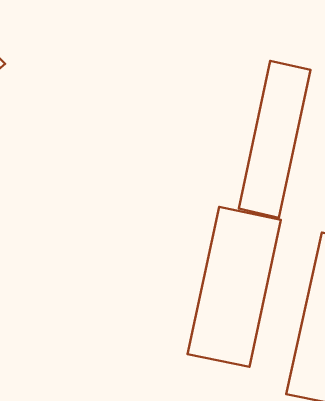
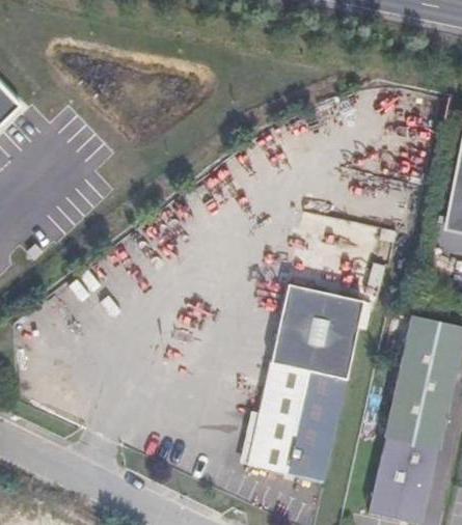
building: [239,61,310,218] -> none

